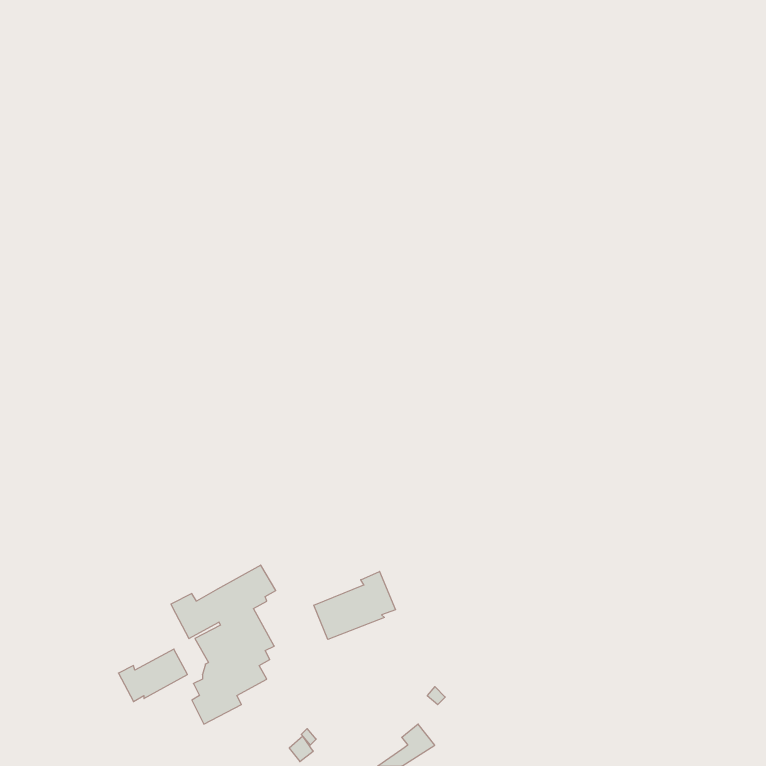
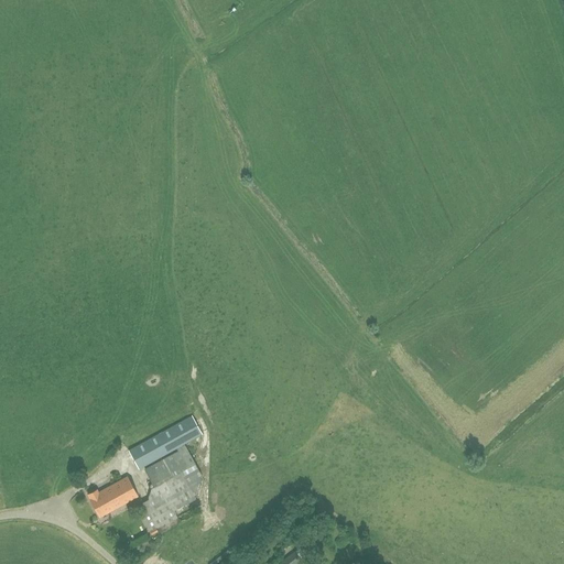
building: [314,571,395,639] -> none

